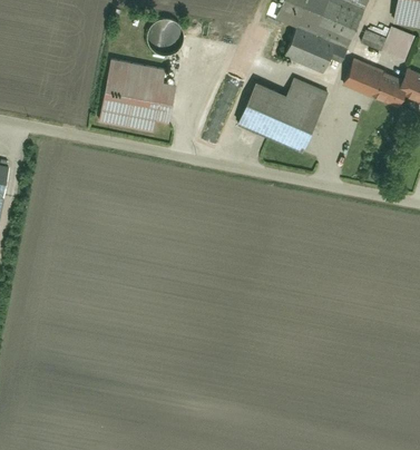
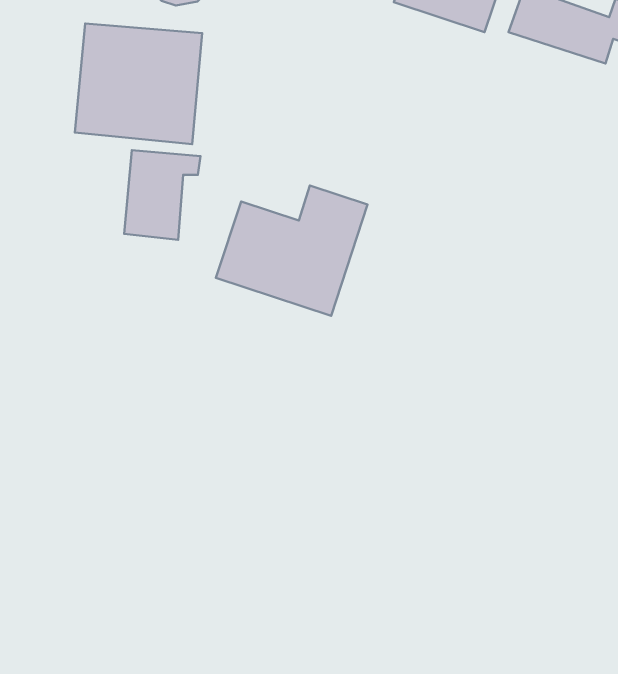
building: [240,72,328,146] -> [216,186,367,316]
building: none -> [124,150,200,240]

